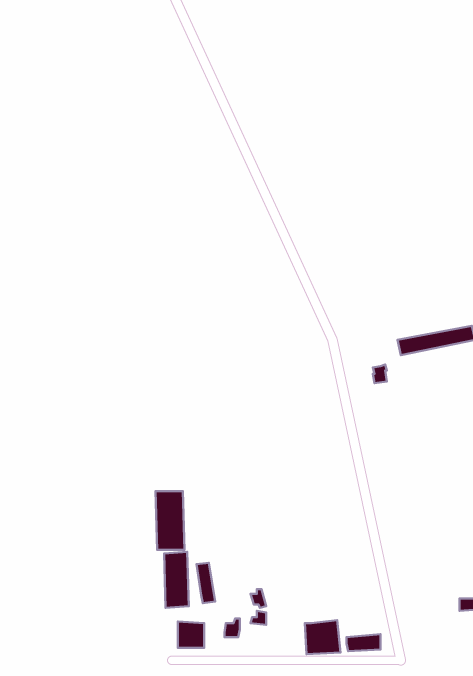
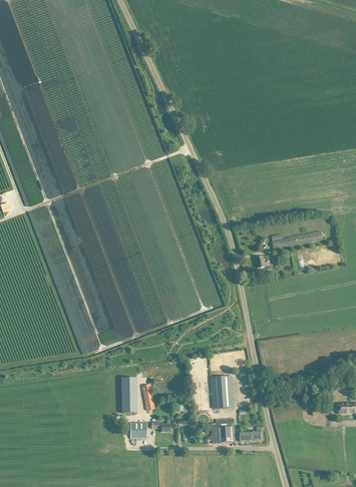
building: [155,491,185,550] -> none
building: none -> [211,376,233,408]

